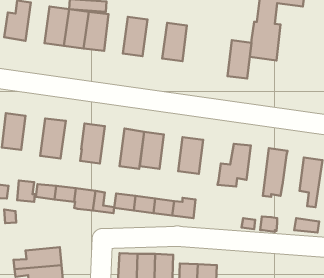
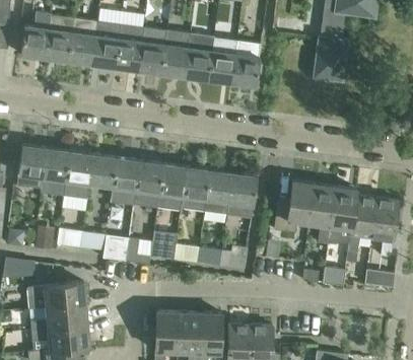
building: none -> [45,15,73,62]
building: none -> [138,27,166,74]
building: none -> [184,33,213,80]
building: [227,40,251,79] -> [231,41,260,86]
building: none -> [39,148,68,196]
building: none -> [88,154,115,188]
building: none -> [133,160,162,208]
building: none -> [204,170,231,214]
building: none -> [307,184,334,243]
building: none -> [345,195,375,263]
building: none -> [27,282,85,309]

